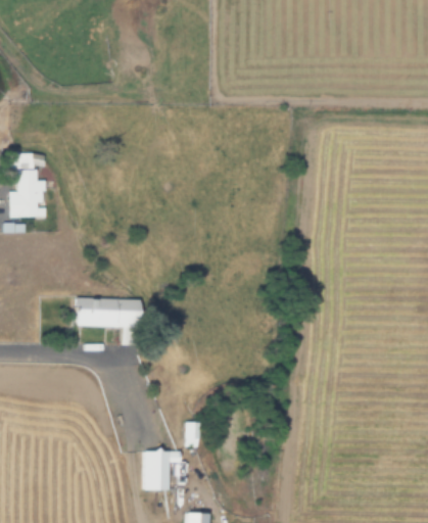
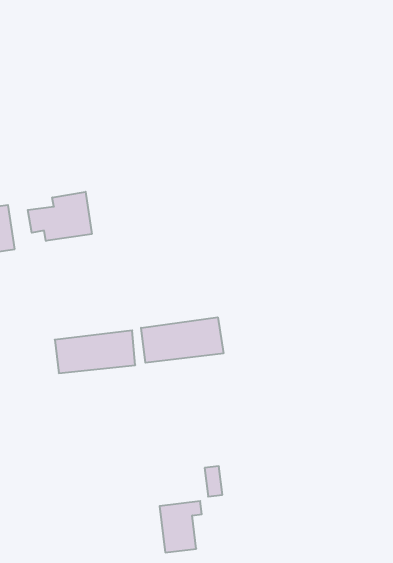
building: none -> [28,192,92,241]
building: none -> [141,317,223,363]

